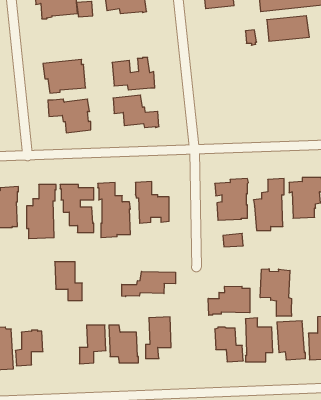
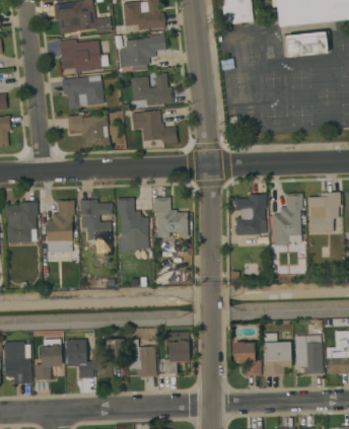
building: none -> [118,33,166,71]
building: none -> [60,40,101,72]
building: [55,262,82,300] -> [66,340,93,378]
building: [260,269,291,316] -> none
building: [122,271,175,297] -> none
building: [208,286,250,315] -> none

